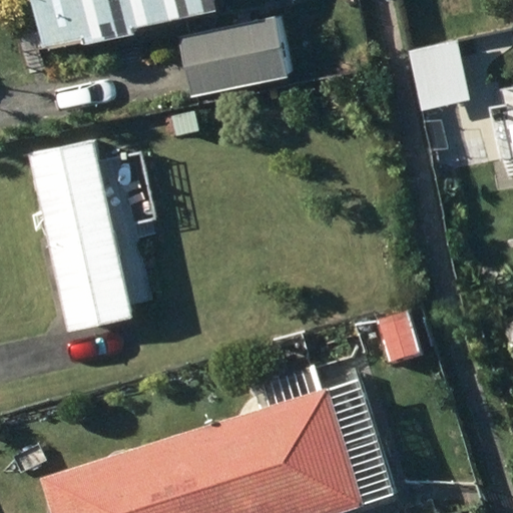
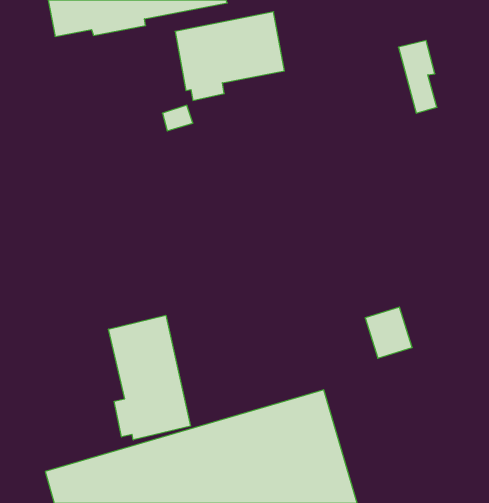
building: [30,133,136,328] -> none
building: none -> [109,315,190,440]

